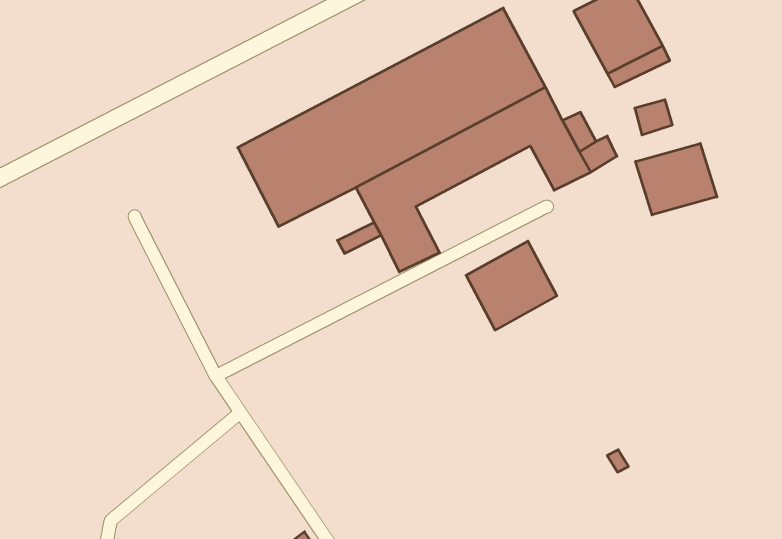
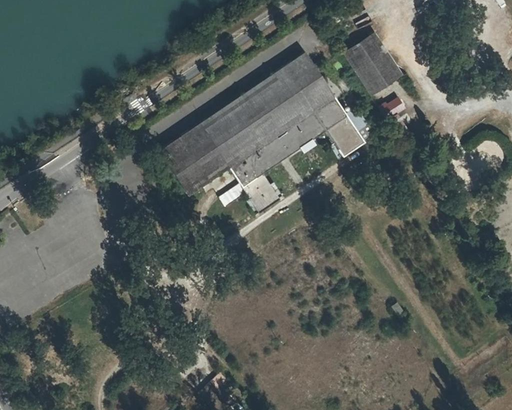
building: [636,143,717,215] -> none
building: [466,241,557,330] -> none

